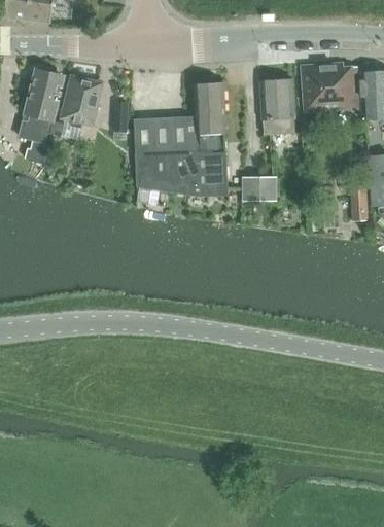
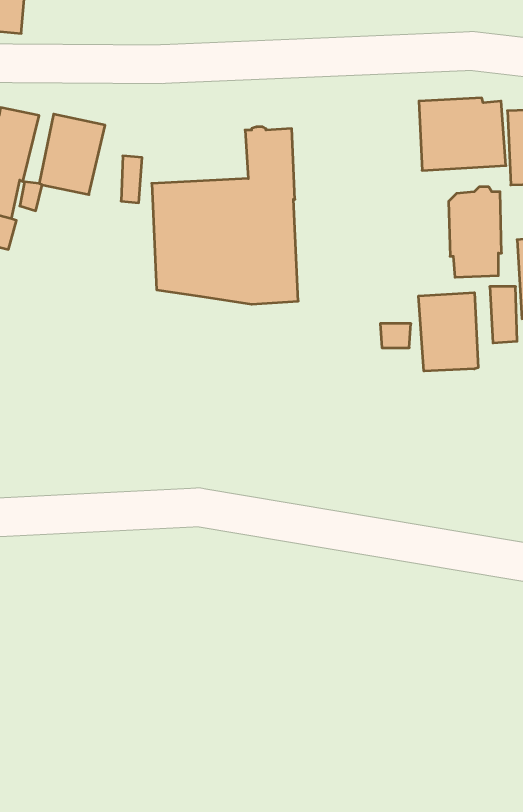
building: [261,75,295,133] -> [449,187,502,277]
building: [245,177,277,201] -> none
building: none -> [419,293,478,371]

